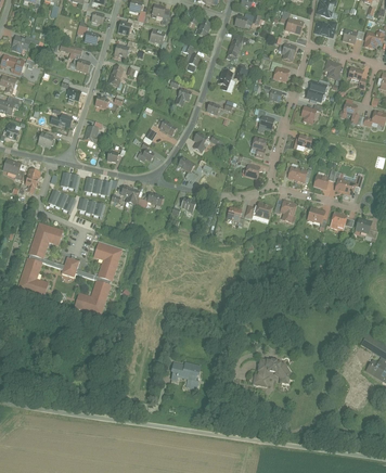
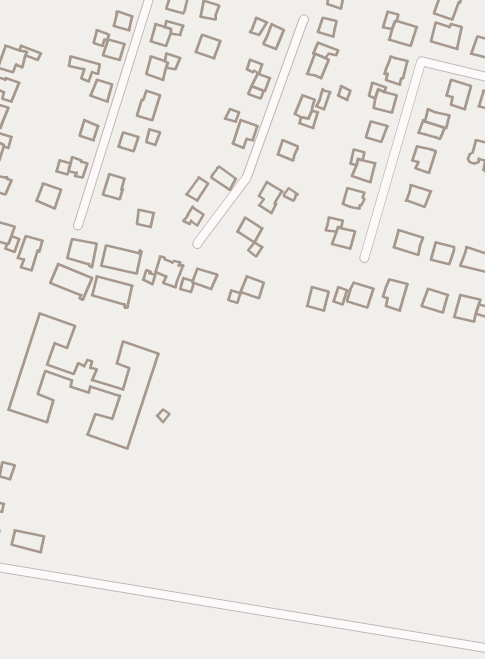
building: [252,359,291,387] -> none
building: [171,362,200,389] -> none

